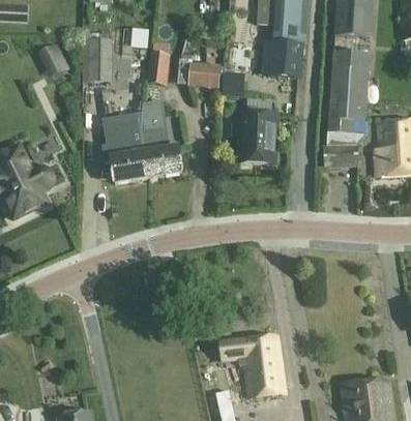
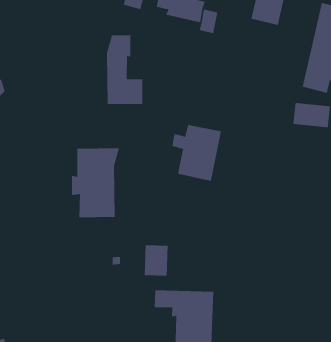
building: [101,111,149,182] -> [71,148,120,218]
building: [232,113,276,162] -> [172,124,222,182]
building: none -> [144,245,168,276]

